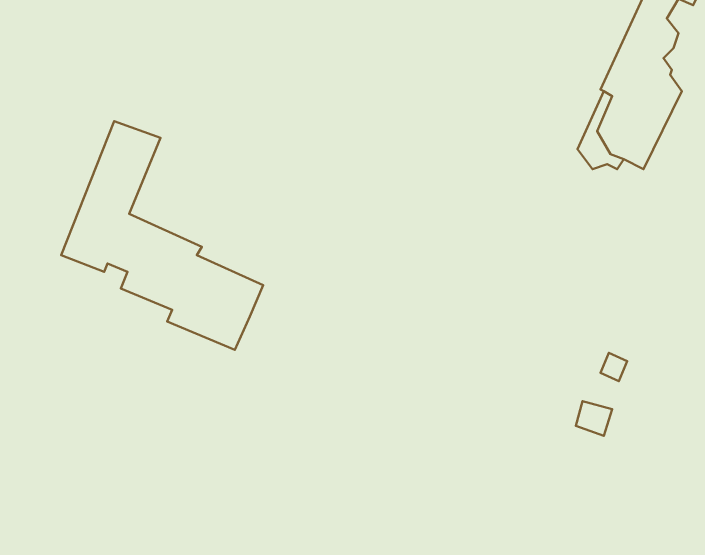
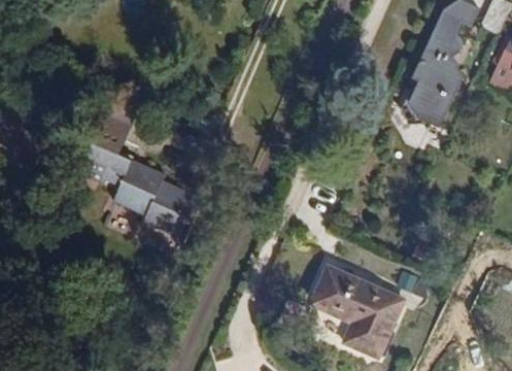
building: none -> [312,267,404,359]

